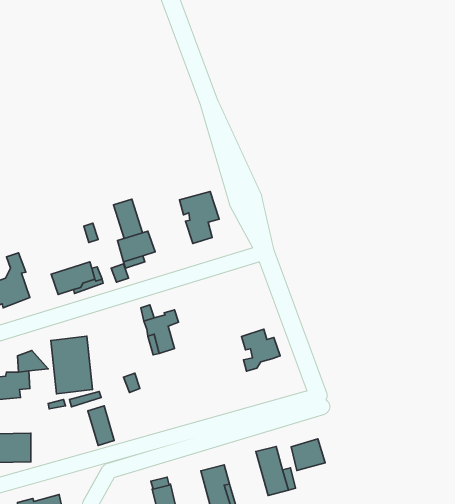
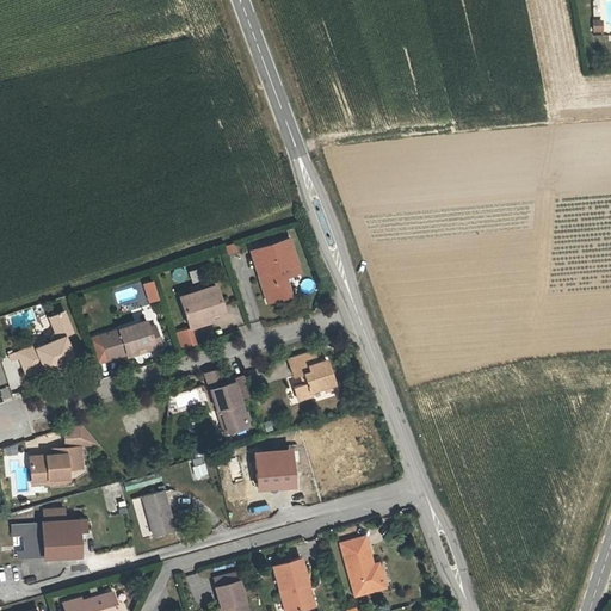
building: [114,199,142,238] -> none
building: [241,329,280,371] -> [290,353,335,402]
building: [51,336,92,394] -> none
building: none -> [255,457,290,490]
building: [291,439,325,470] -> none

